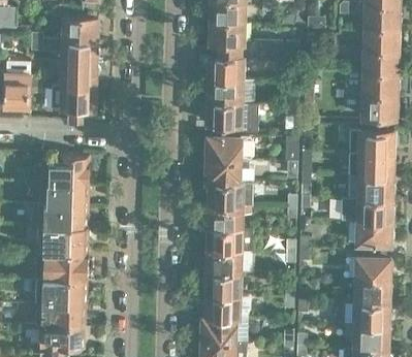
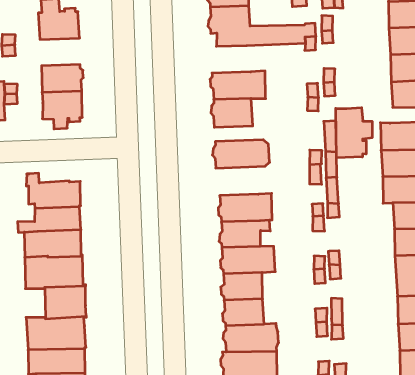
building: [63,40,98,64] -> none
building: [208,56,242,79] -> none
building: none -> [336,108,372,158]
building: [204,160,255,185] -> none

